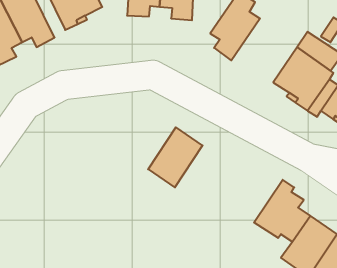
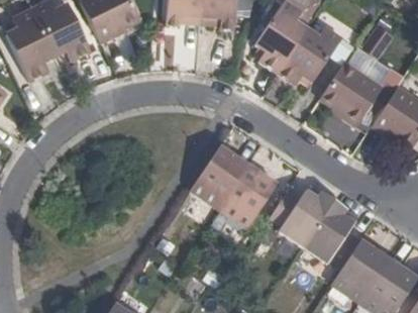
building: none -> [277,28,342,87]
building: none -> [217,165,276,228]
building: none -> [268,190,331,246]

